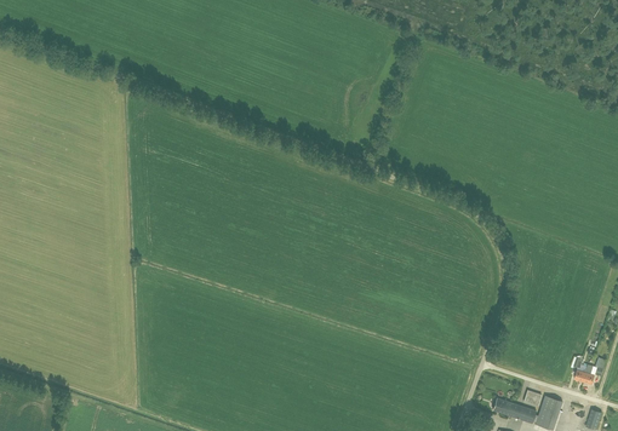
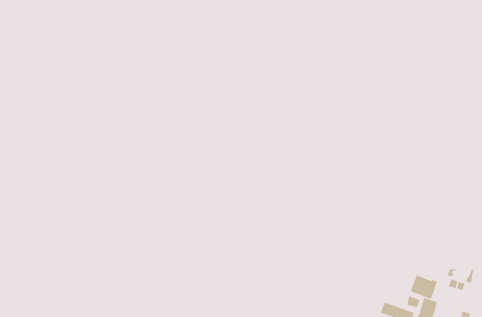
building: none -> [410,275,437,300]

